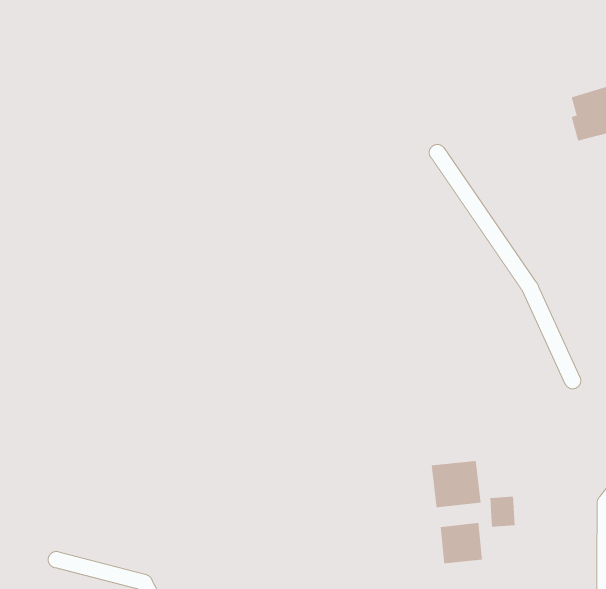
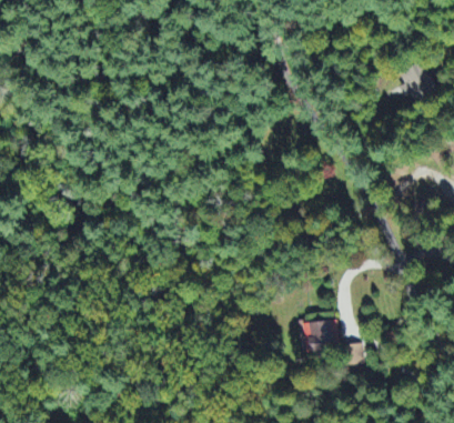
building: [440,522,483,564] -> none

